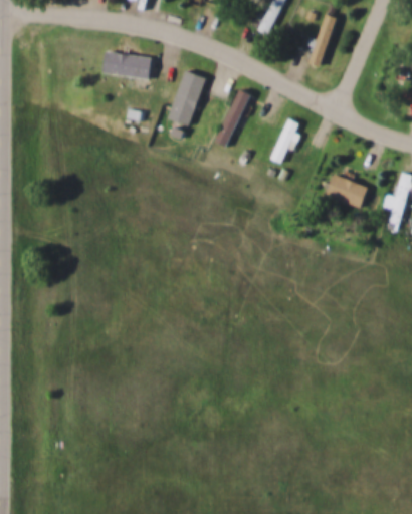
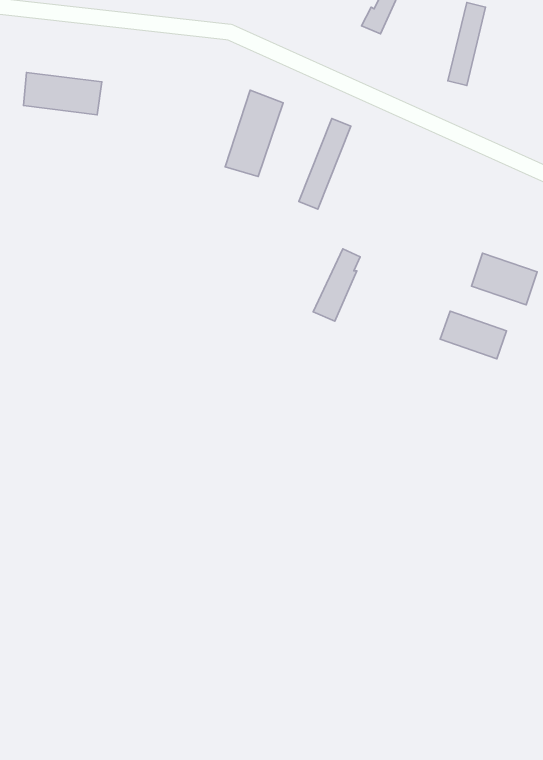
building: [102,52,153,79] -> [23,72,102,115]
building: [269,118,299,165] -> [313,249,360,321]
building: none -> [440,311,507,359]

